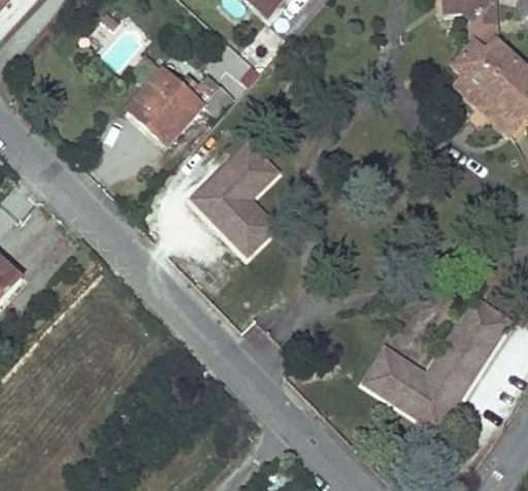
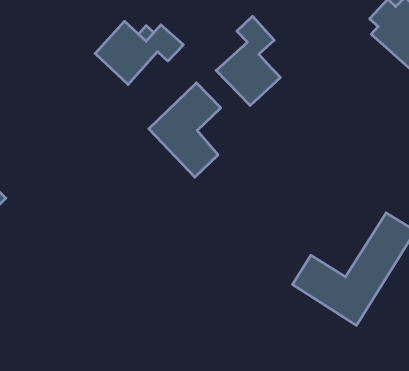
building: none -> [216,16,280,106]

